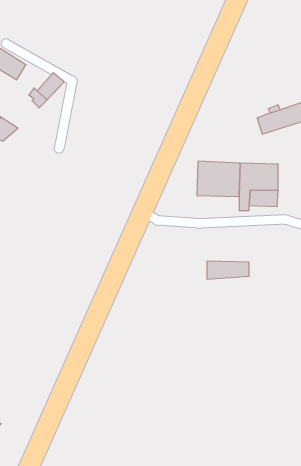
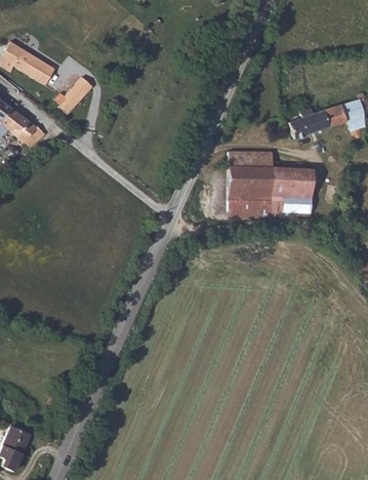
building: none -> [230,151,273,168]
building: [207,261,249,279] -> [229,201,272,219]

